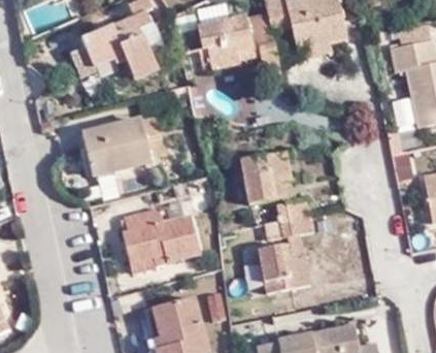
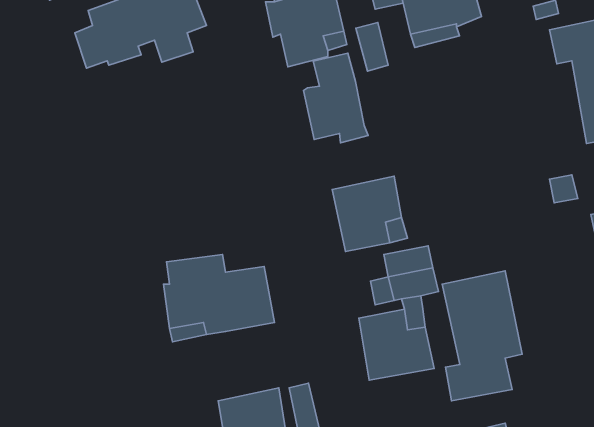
building: none -> [303,53,368,143]
building: [77,118,144,173] -> none
building: none -> [442,271,522,401]

